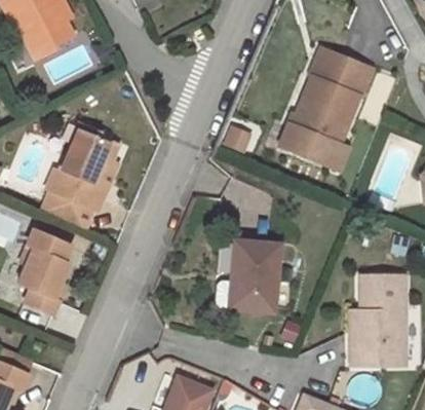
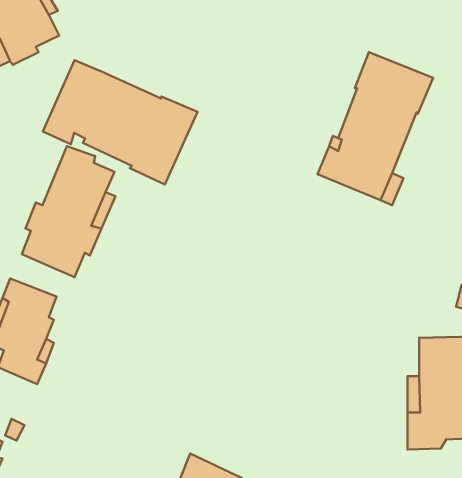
building: none -> [43,60,198,184]
building: [217,240,278,311] -> none

